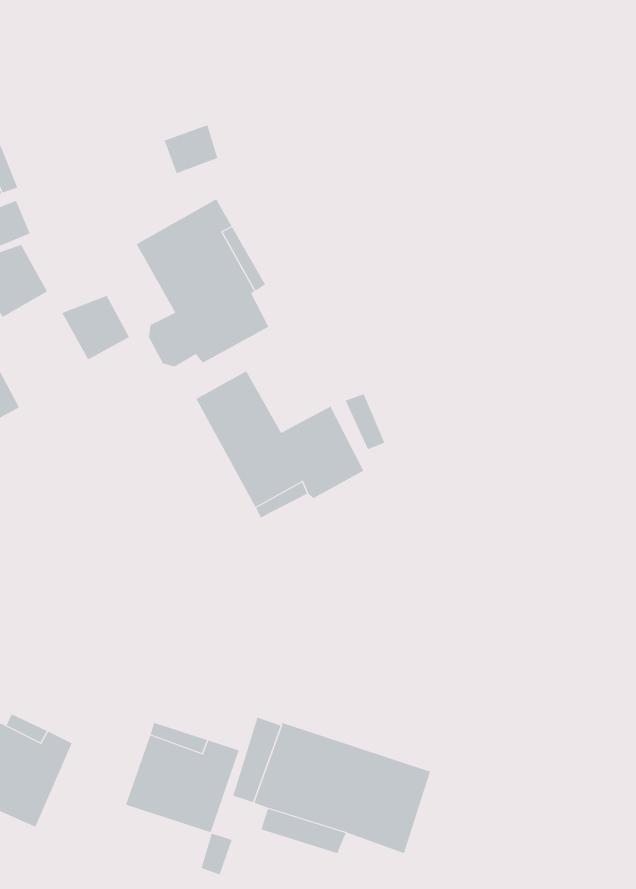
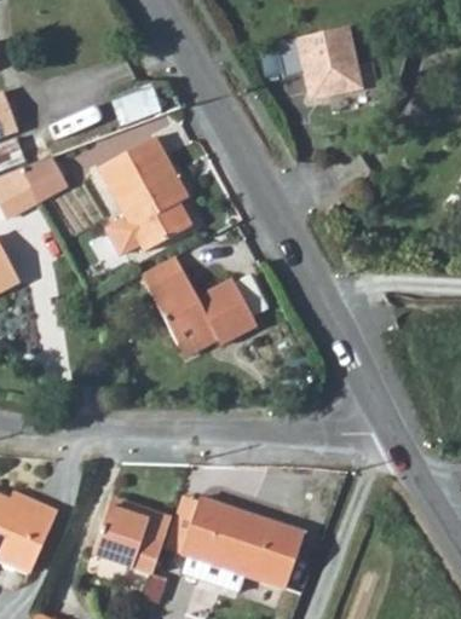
building: none -> [283,27,370,99]
building: [61,295,130,360] -> [21,156,68,201]

